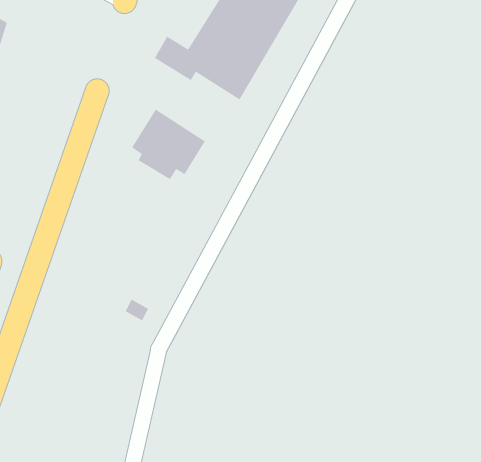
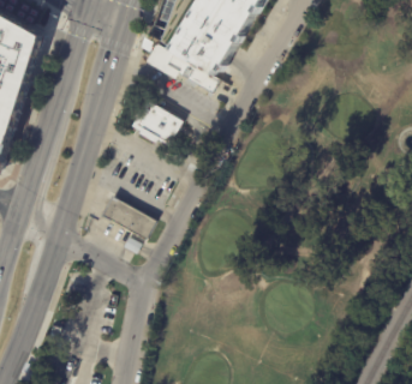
building: none -> [100,197,153,240]

